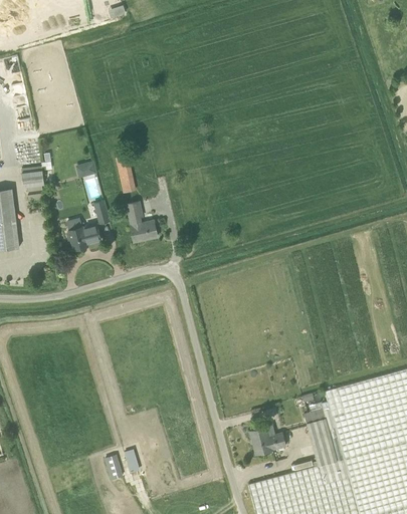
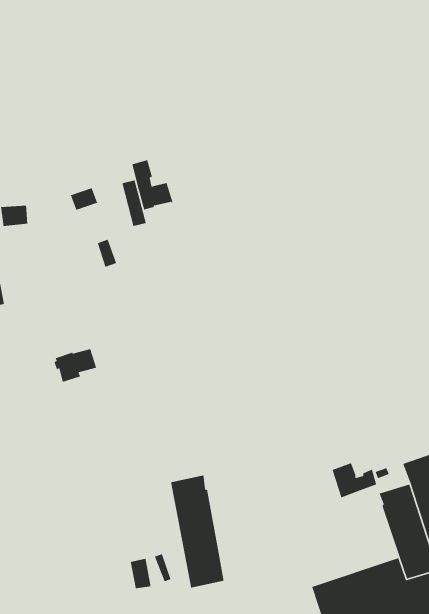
building: [127,202,158,242] -> [132,159,173,211]
building: [67,225,101,251] -> [53,348,97,383]
building: none -> [170,474,224,589]
building: [250,427,285,455] -> [332,462,377,498]

